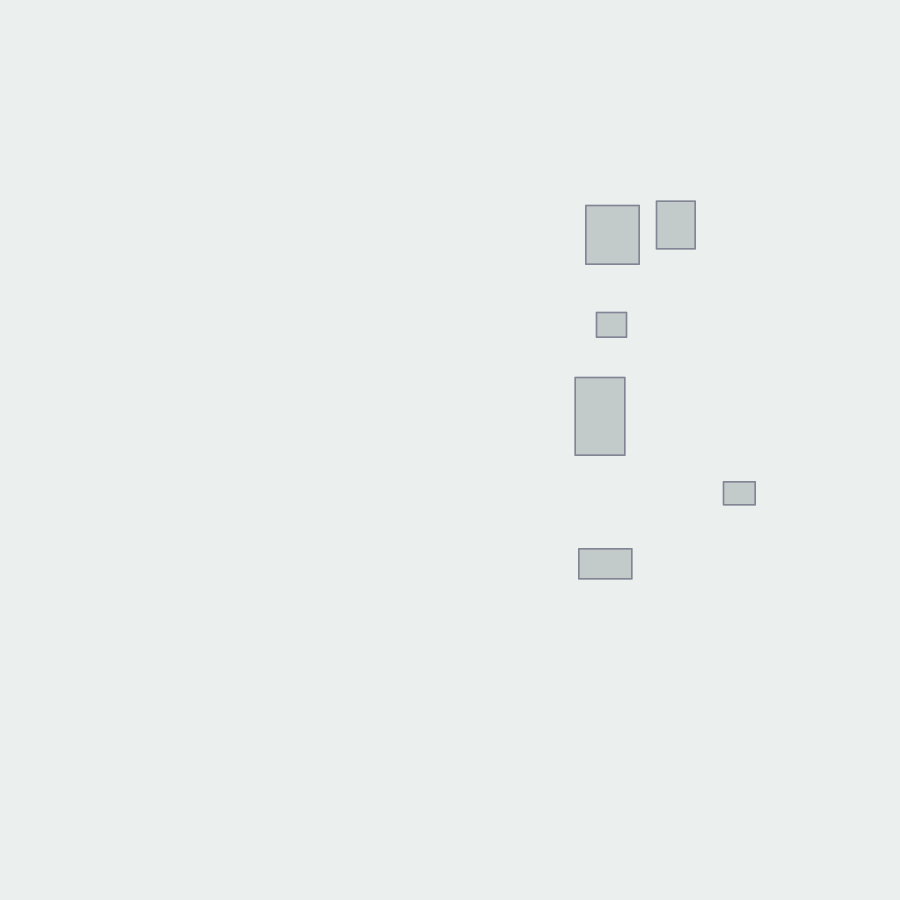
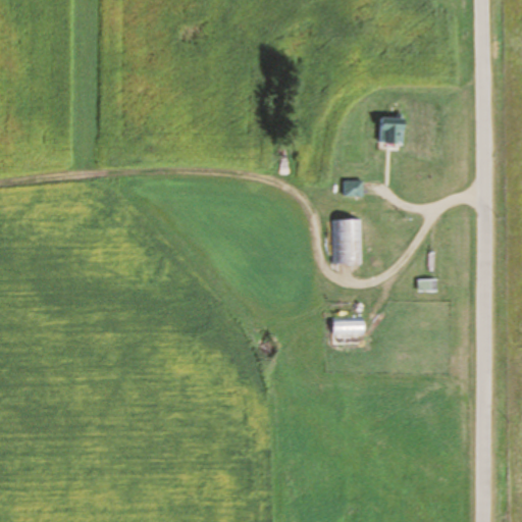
building: [586,206,639,264] -> none

